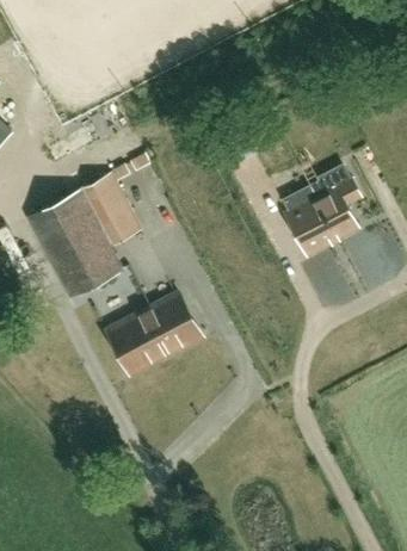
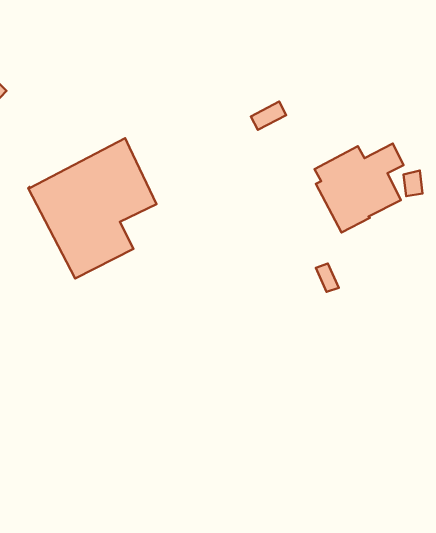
building: [107,295,202,373] -> none

